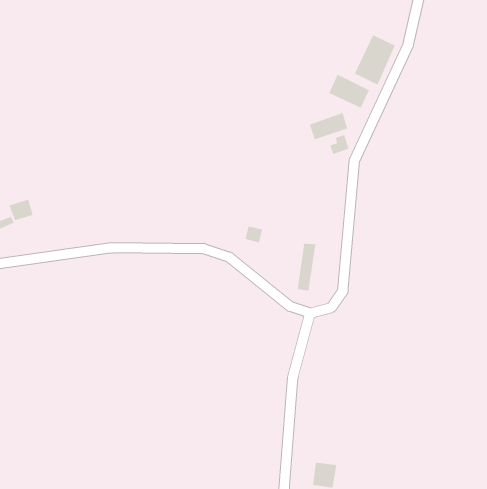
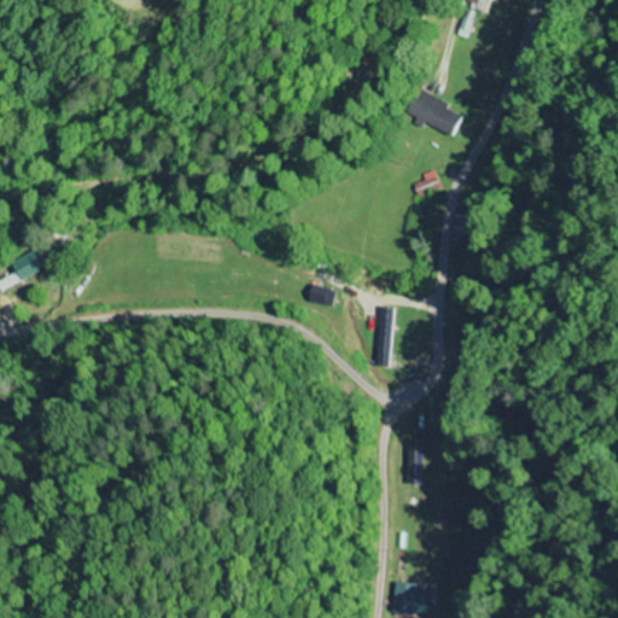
building: [354,34,395,85] -> none
building: [309,112,348,140] -> none

